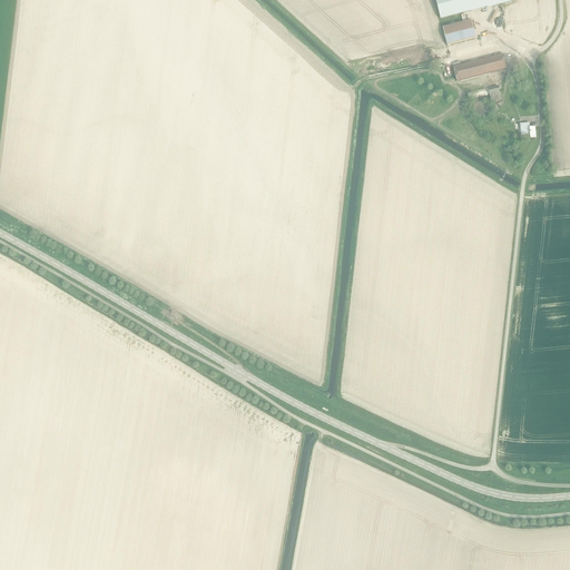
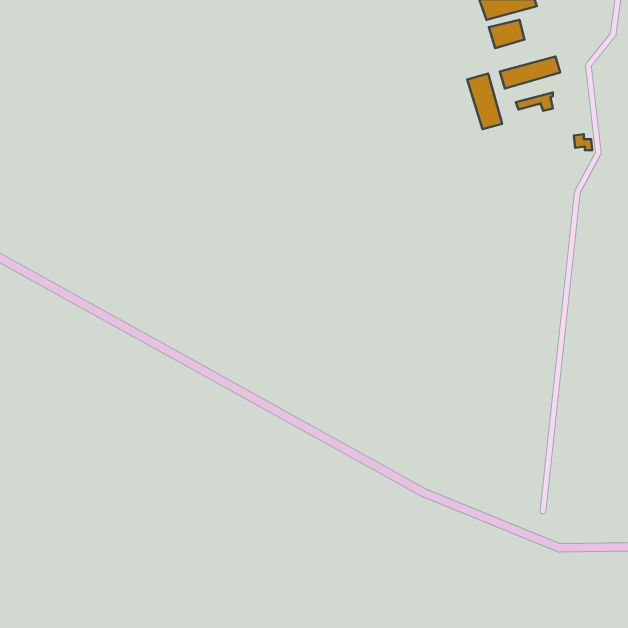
building: none -> [467,74,502,129]

